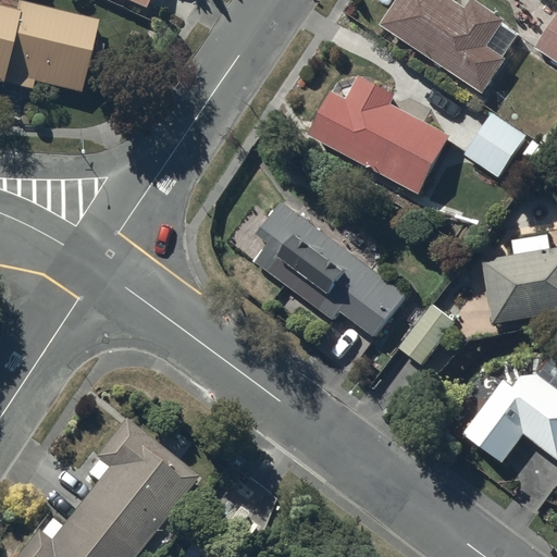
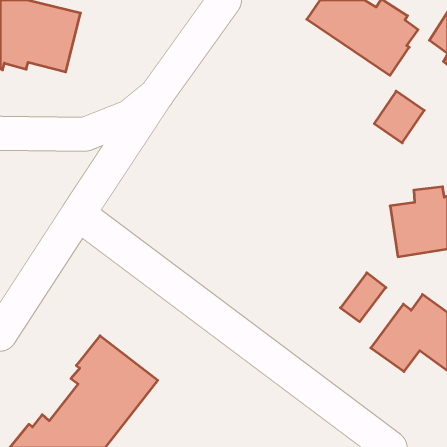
building: [310,81,453,199] -> none
building: [251,201,404,335] -> none
building: [401,301,458,362] -> [340,273,386,322]

